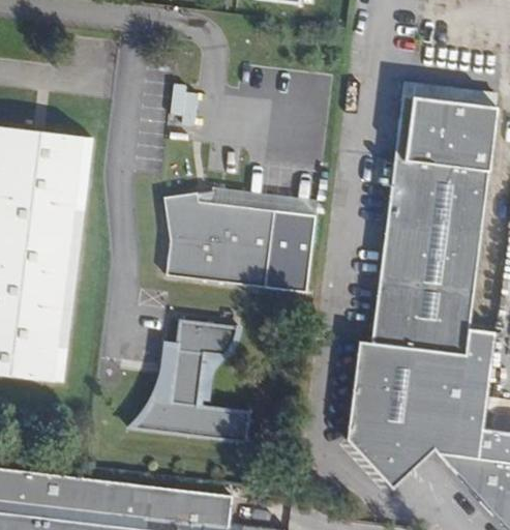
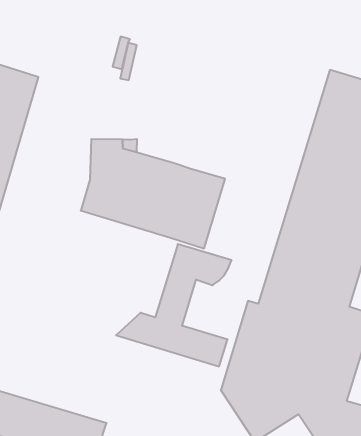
building: [130,320,249,442] -> [116,244,232,366]

